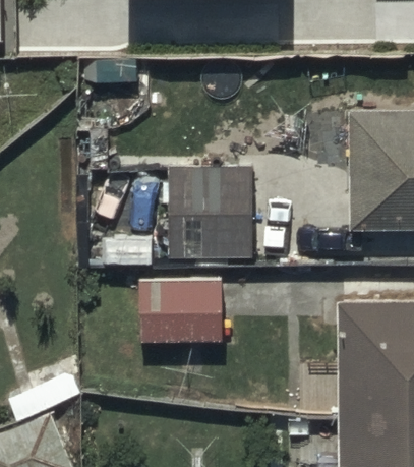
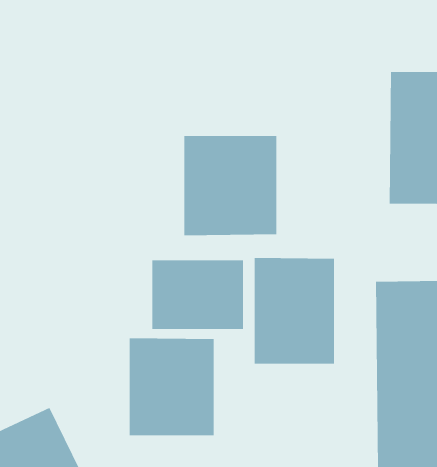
building: none -> [254,257,334,364]
building: none -> [129,338,214,436]

